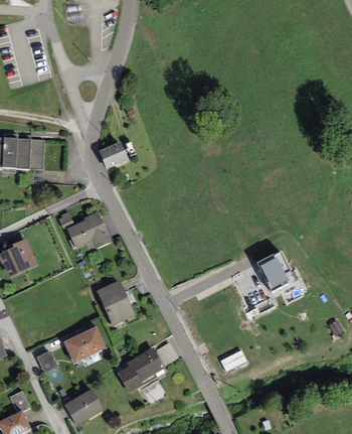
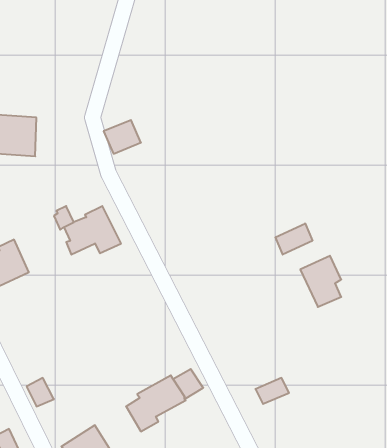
building: none -> [275,223,312,255]
building: [96,280,135,325] -> none
building: [62,326,106,363] -> none

